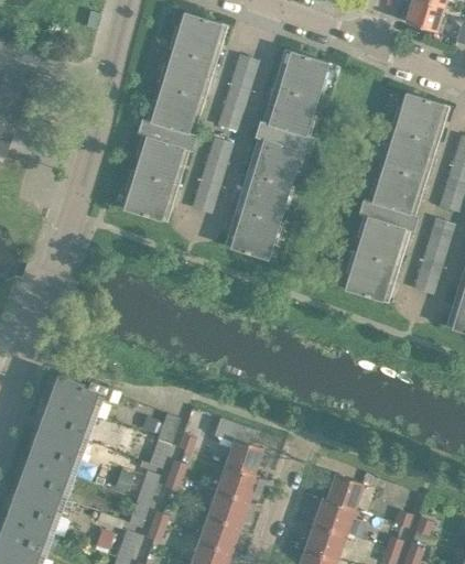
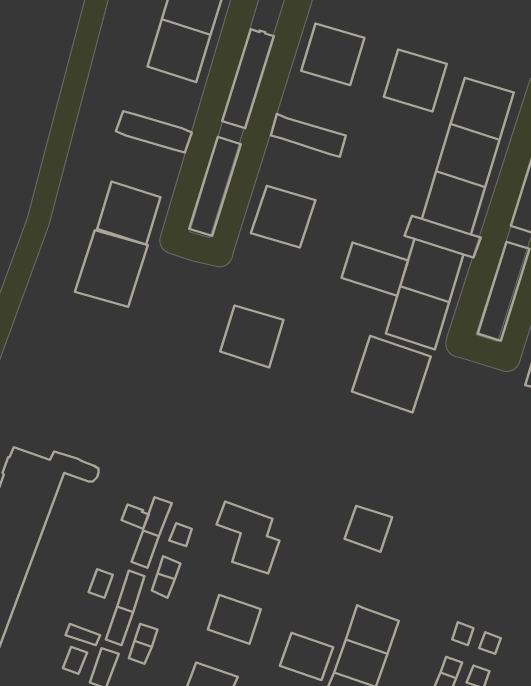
building: [150,85,198,132] -> none
building: [268,88,316,135] -> [384,50,447,111]
building: [133,138,182,185] -> none
building: [252,140,301,187] -> none
building: none -> [75,230,148,307]
building: [229,213,278,260] -> [220,306,283,367]
building: none -> [341,242,408,296]
building: none -> [352,336,431,412]
building: [216,465,257,501] -> none
building: [326,475,363,510] -> [345,506,392,552]
building: [198,517,239,553] -> [280,633,333,680]

